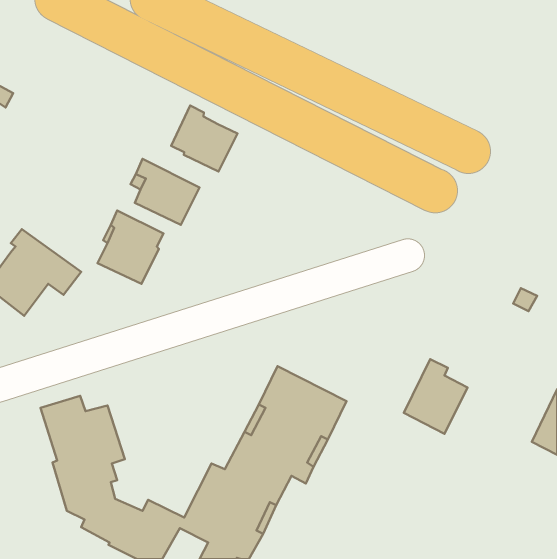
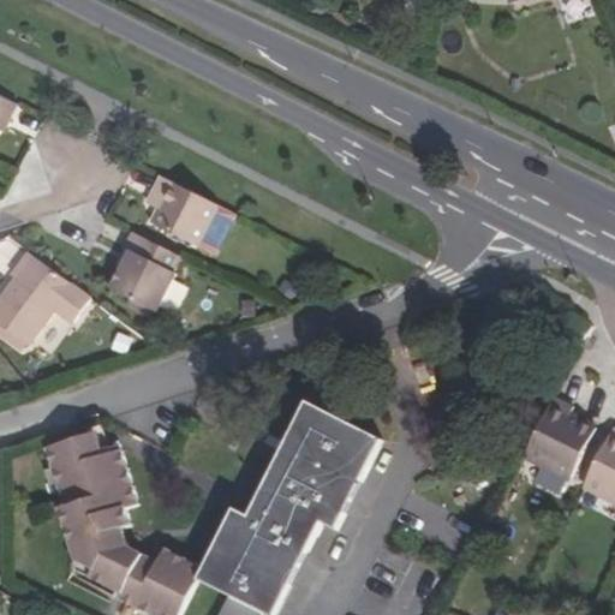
building: [171,105,237,171] -> none
building: [404,359,468,434] -> [524,395,593,477]

